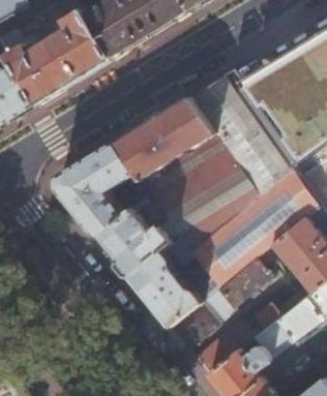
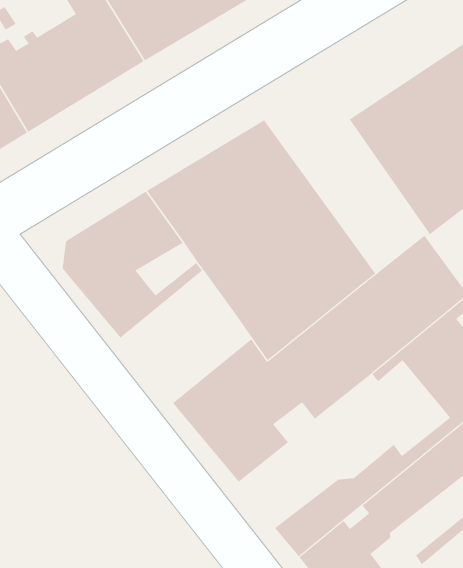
building: [186,72,291,193] -> none
building: [94,196,178,276] -> none
building: [170,261,268,346] -> none

